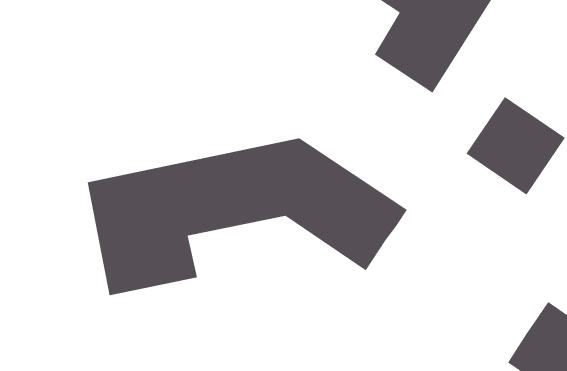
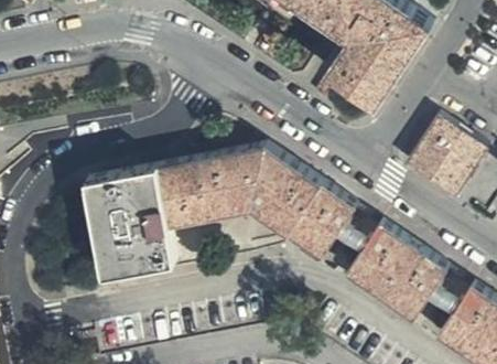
building: none -> [337,223,465,322]

